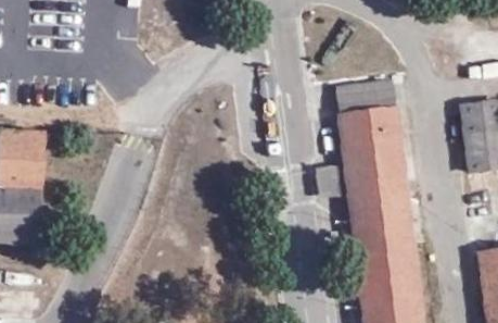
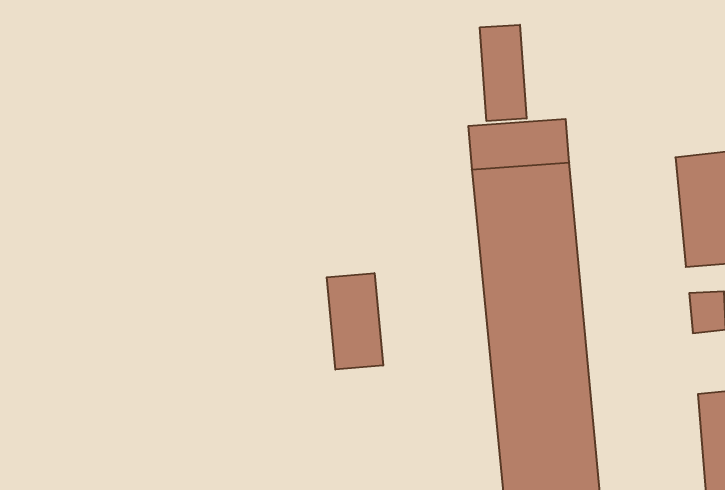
building: none -> [480,25,527,121]
building: none -> [327,273,383,370]

